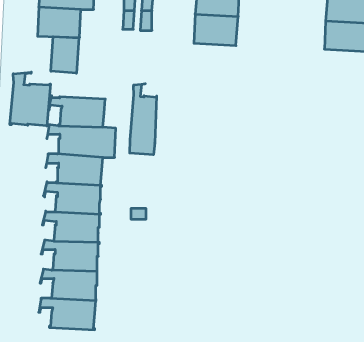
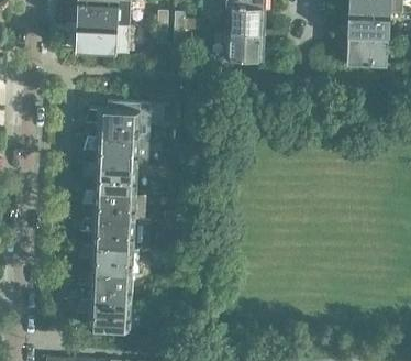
building: [51,37,79,73] -> none
building: [10,72,50,126] -> none
building: [130,84,157,155] -> none

